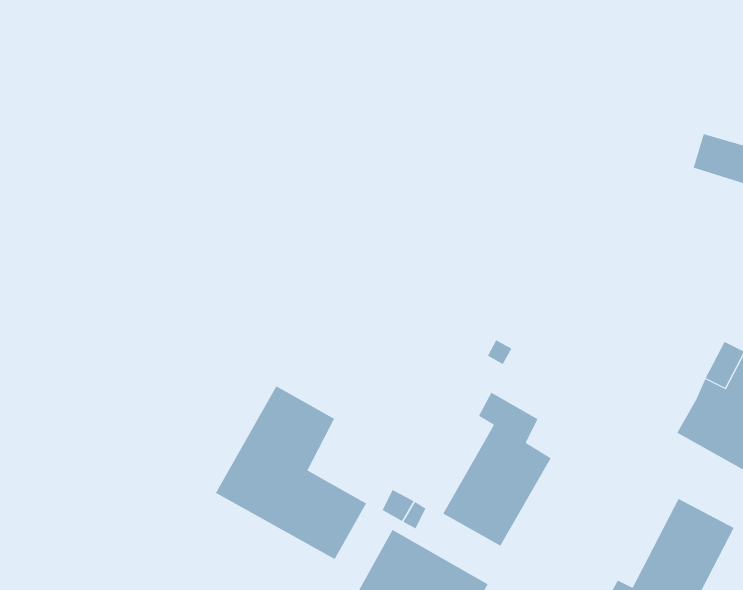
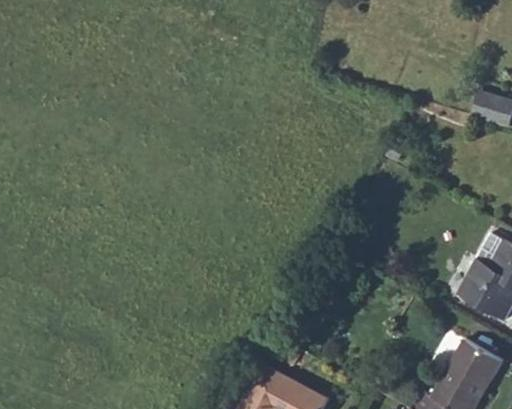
building: [215,386,367,560] -> none
building: [442,392,551,547] -> none

